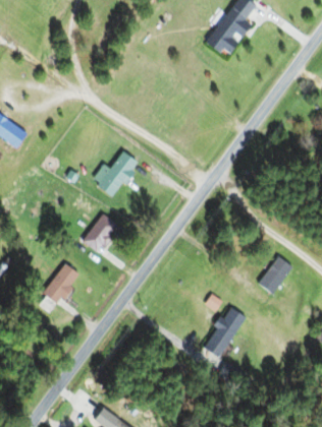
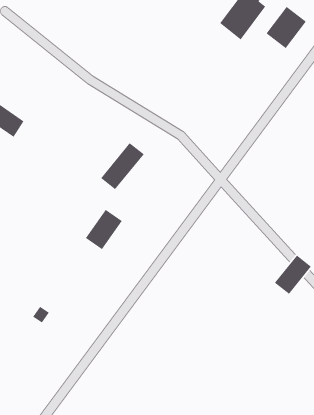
building: none -> [266,6,307,49]
building: [42,264,79,305] -> none
building: [203,307,247,358] -> none

